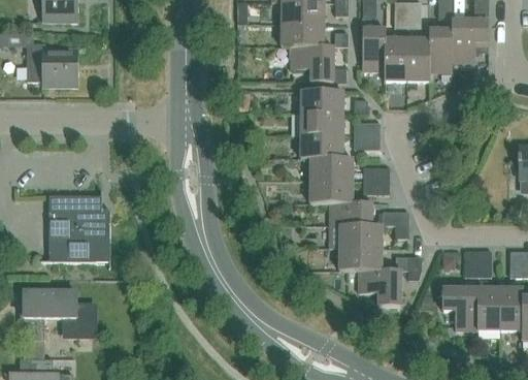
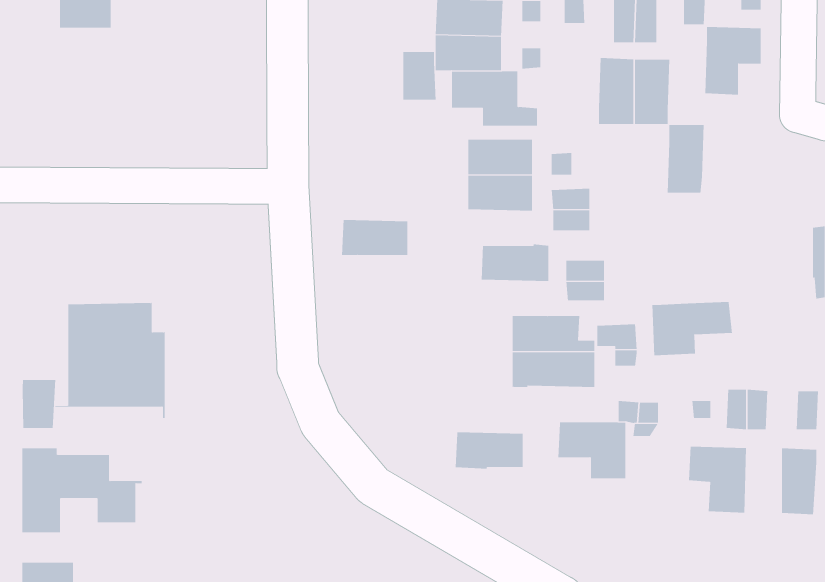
building: [428,29,452,72] -> [667,125,704,193]
building: [362,30,386,71] -> none
building: none -> [403,51,436,100]
building: [27,42,76,86] -> none
building: [300,135,342,158] -> [341,219,408,255]
building: [309,180,353,203] -> none
building: none -> [652,301,732,356]
building: none -> [22,379,56,429]
building: [338,247,382,271] -> [455,432,523,469]
building: [476,286,499,327] -> none

